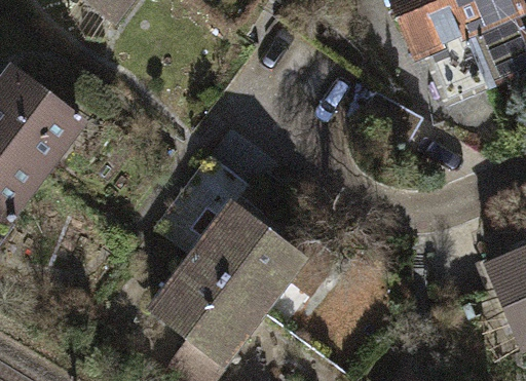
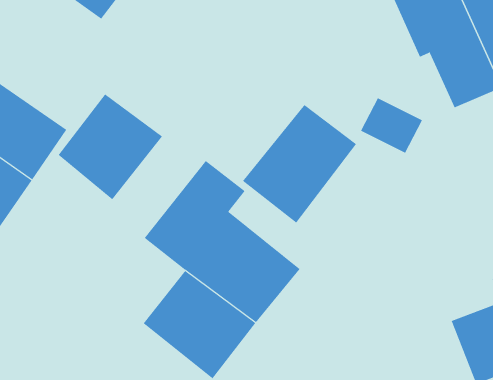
building: none -> [58,94,163,200]
building: none -> [242,104,357,224]

